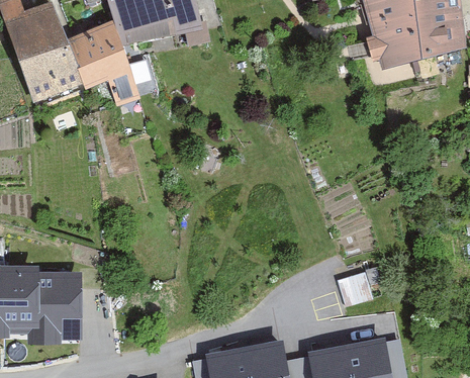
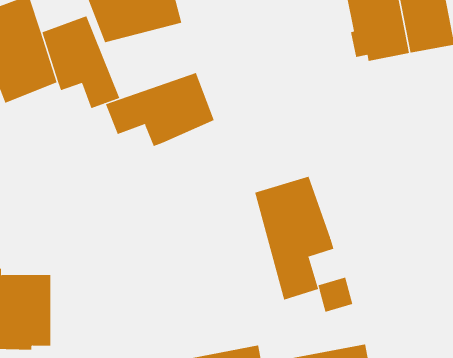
building: none -> [105,72,215,147]
building: none -> [255,176,334,300]

